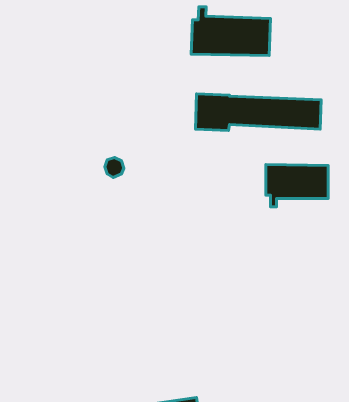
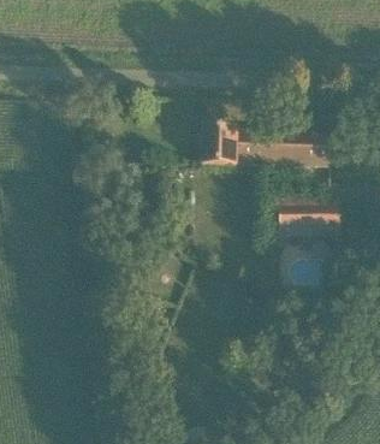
building: [191,7,270,56] -> none

